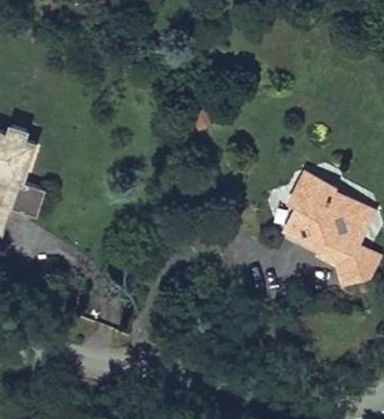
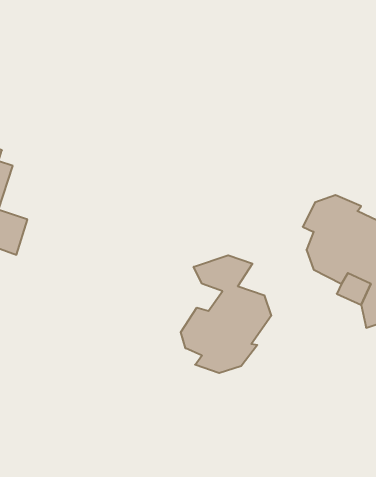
building: none -> [181,255,271,373]

